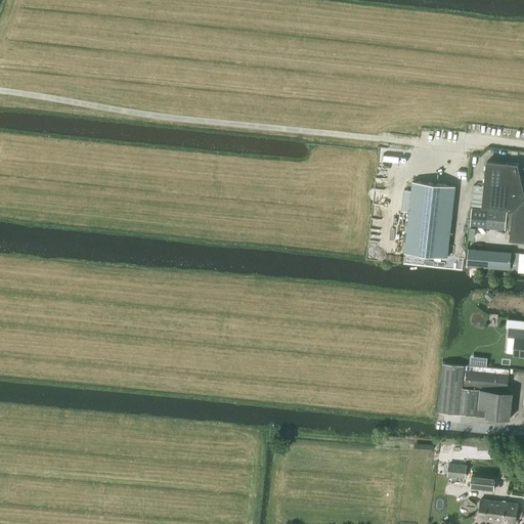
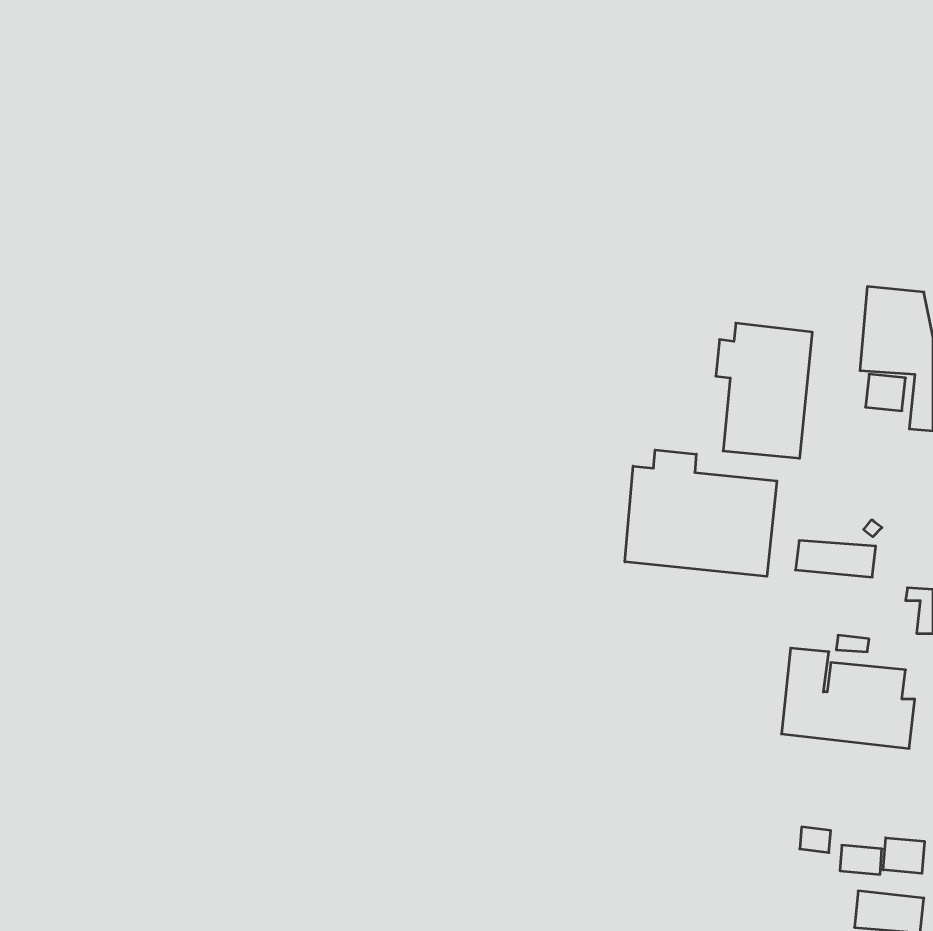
building: [467,250,512,270] -> [795,541,876,577]
building: none -> [625,450,777,576]
building: none -> [883,838,924,873]

